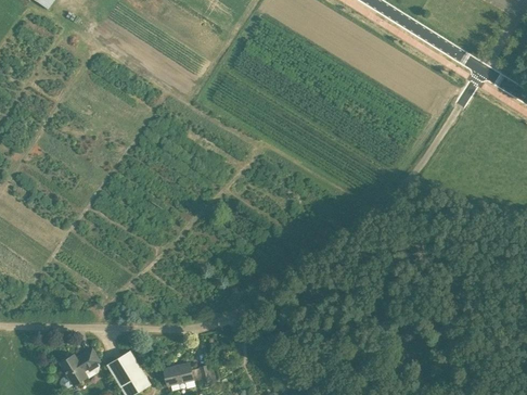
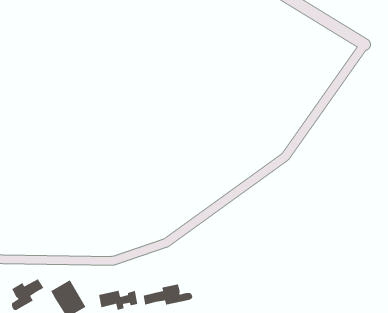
building: none -> [143,284,193,306]

